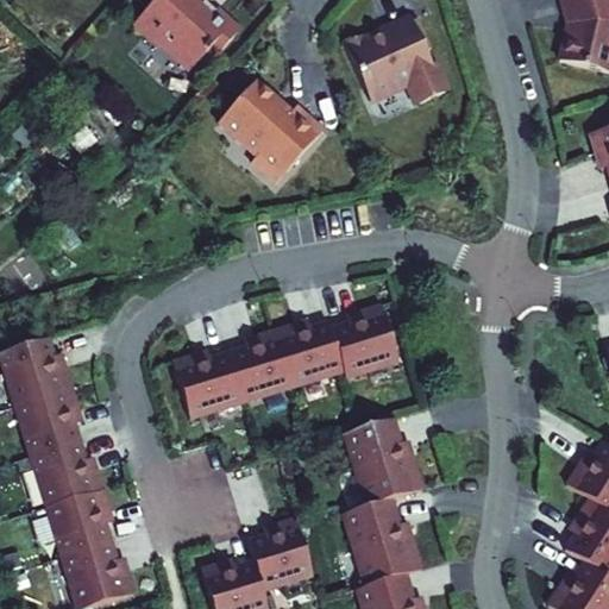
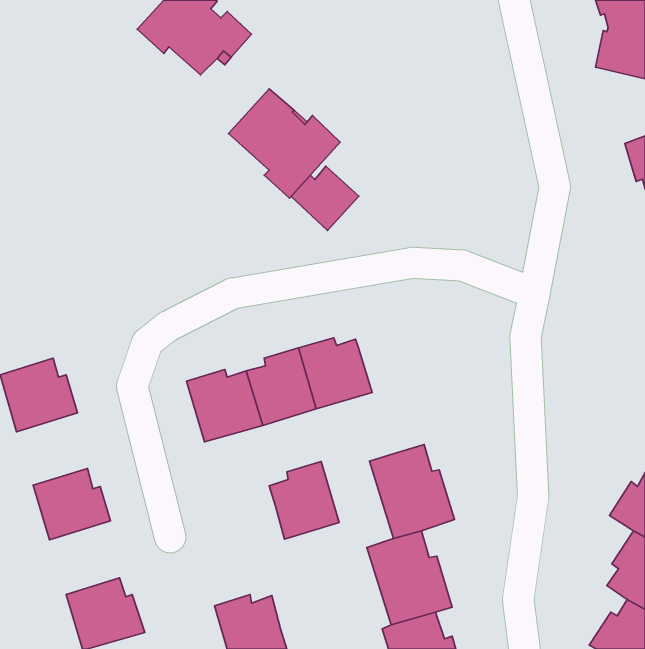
building: [339,21,440,107] -> none
building: none -> [291,166,359,230]
building: [335,302,403,375] -> none
building: [15,387,83,454] -> none
building: [46,488,113,557] -> none
building: [249,516,314,589] -> [269,462,339,539]

